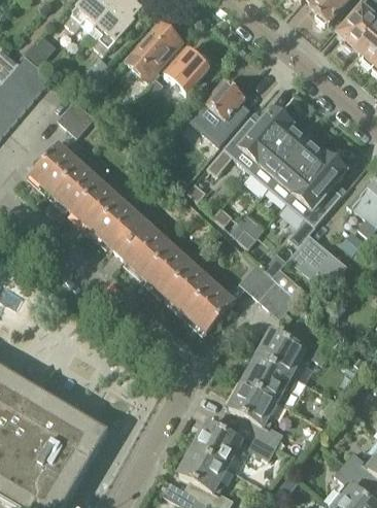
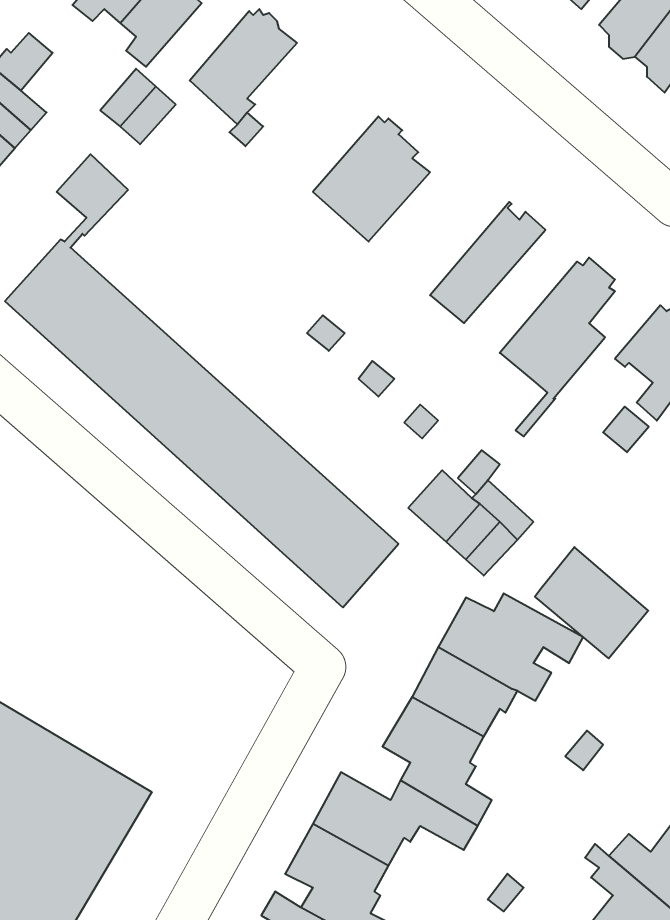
building: [166,47,211,93] -> none
building: [207,107,294,172] -> none
building: [269,138,328,202] -> none
building: [289,234,348,292] -> [535,547,648,658]

